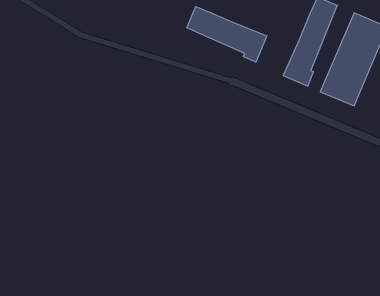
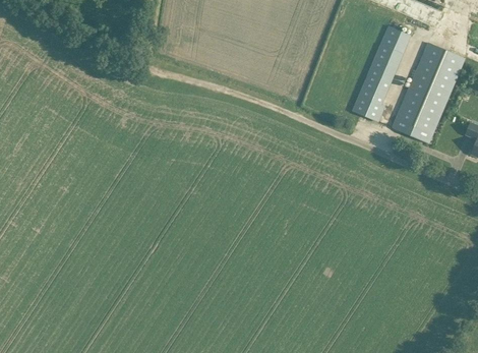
building: [187,7,267,62] -> none

